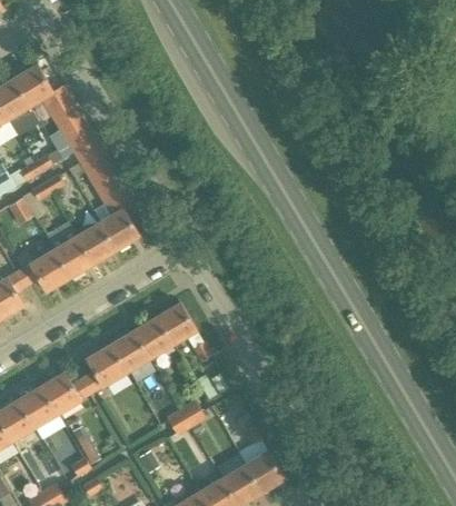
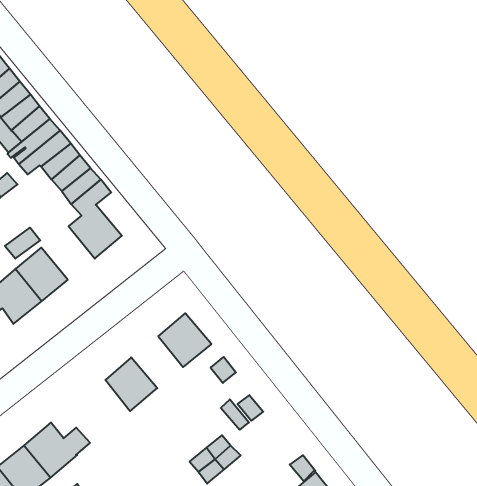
building: [76,224,116,265] -> none
building: [132,318,171,366] -> none
building: [82,346,126,393] -> none

